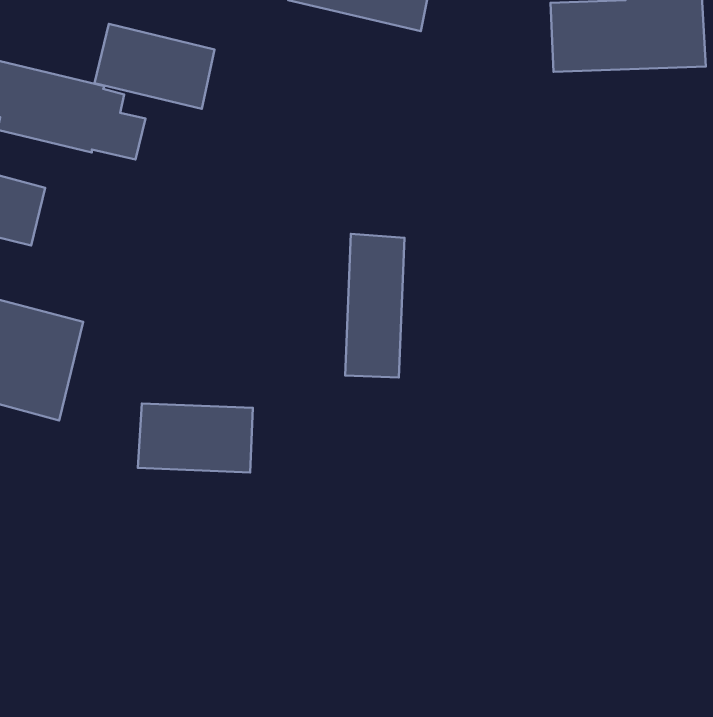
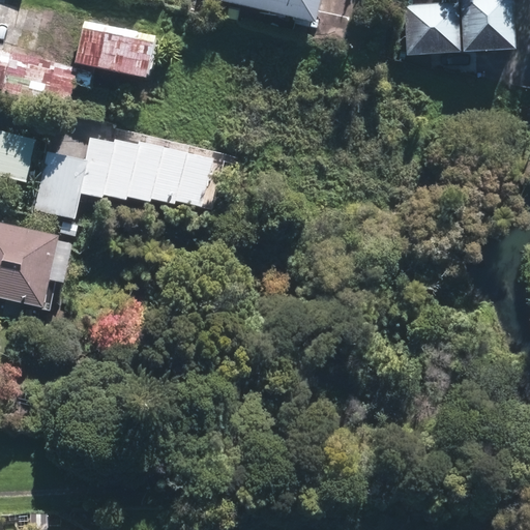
building: none -> [28,136,215,218]
building: [345,234,404,378] -> none
building: [138,404,253,472] -> none

